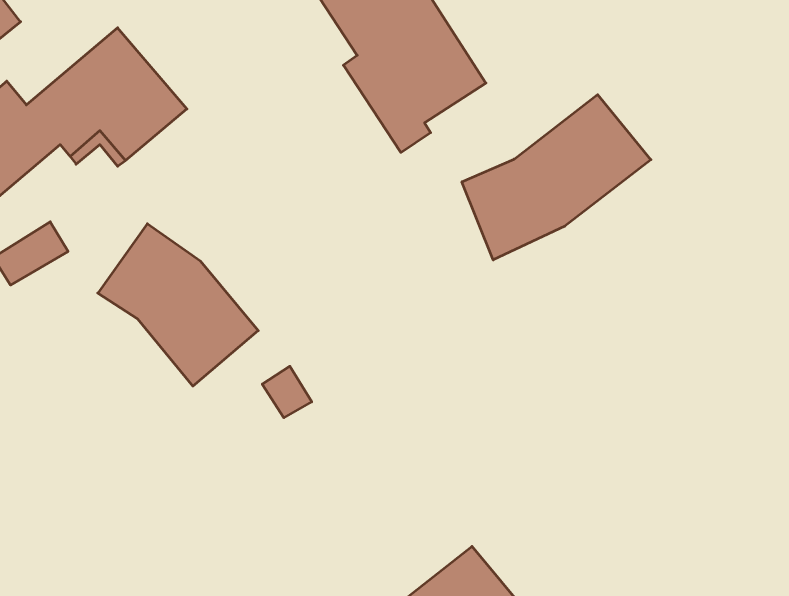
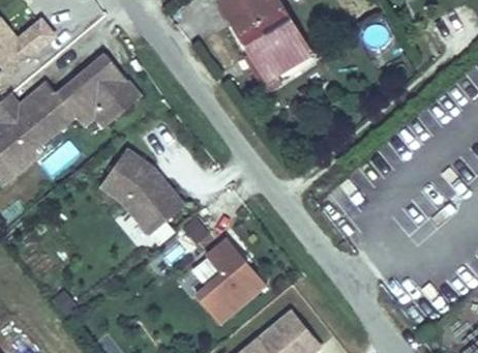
building: [462,95,651,260] -> none
building: none -> [196,237,268,323]

